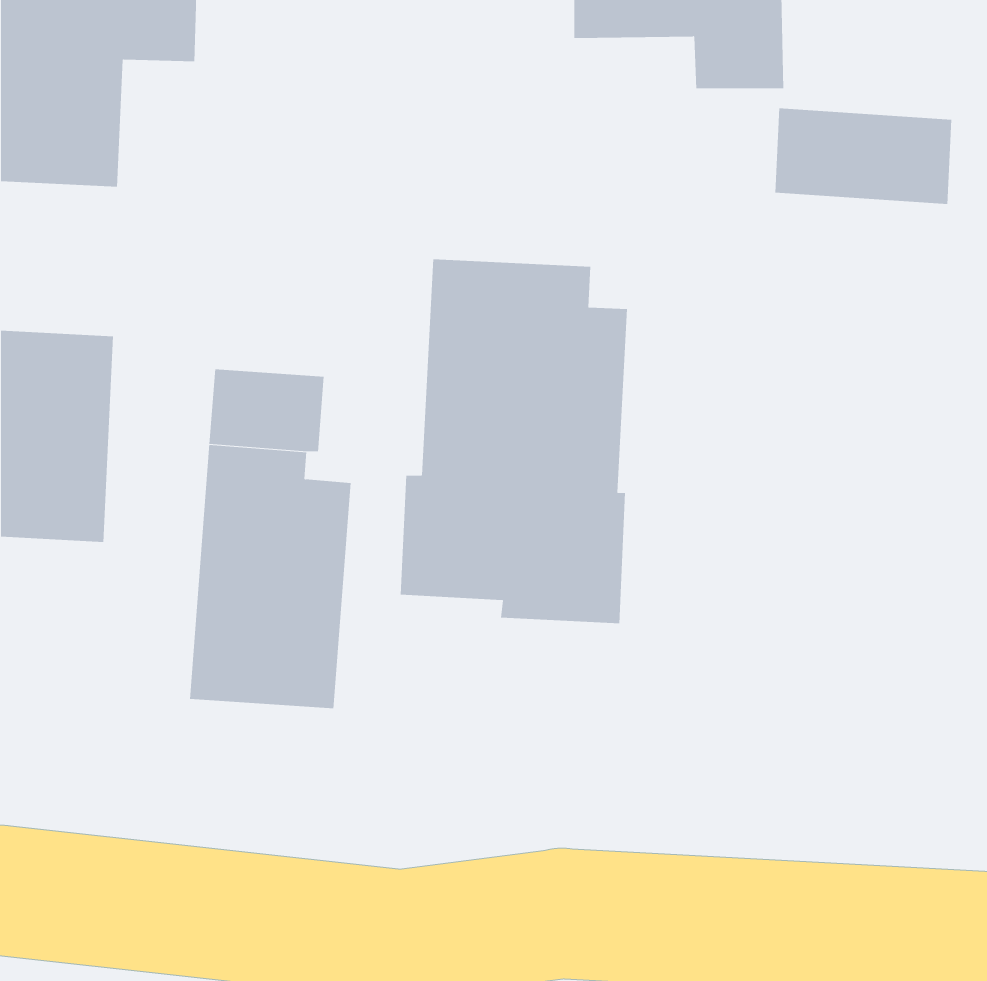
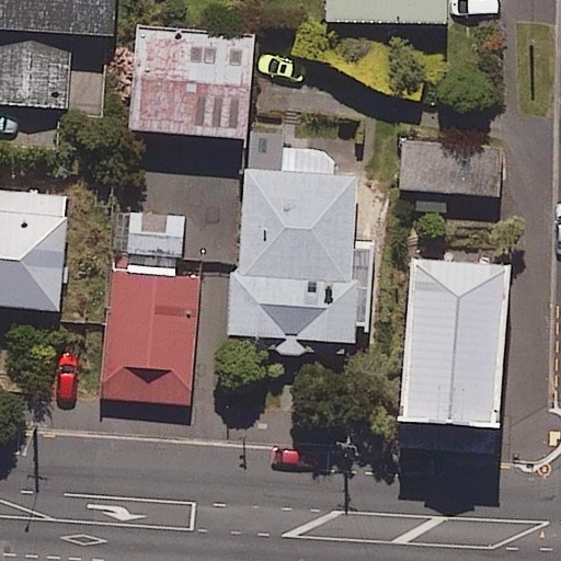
building: none -> [130,24,252,138]
building: [774,108,952,204] -> [399,140,500,195]
building: none -> [398,261,505,425]

